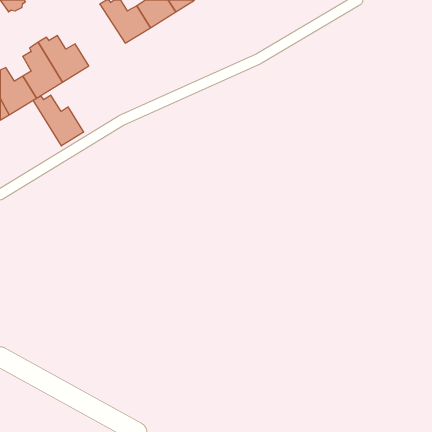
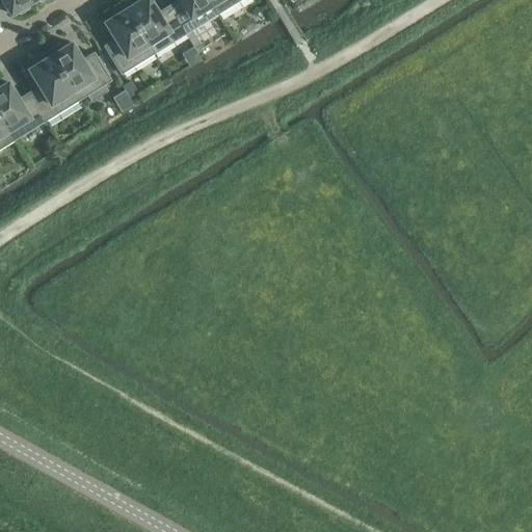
building: none -> [104,5,154,74]
building: [33,95,84,146] -> none

